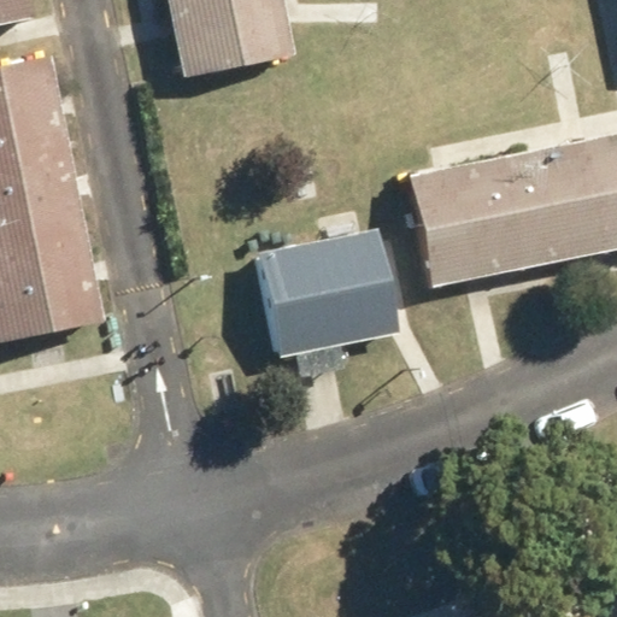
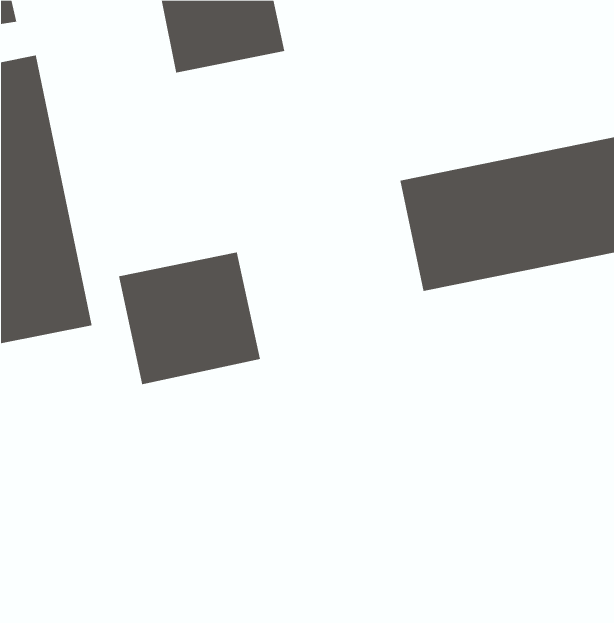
building: [258,224,399,355] -> [118,252,261,385]

